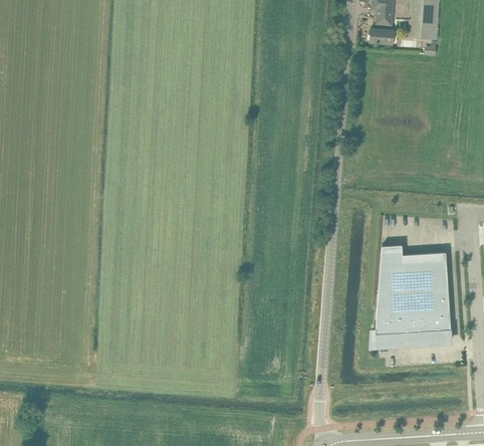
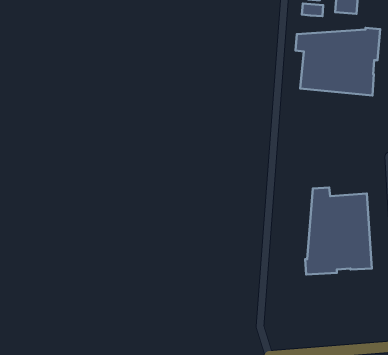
building: none -> [296,28,380,96]

